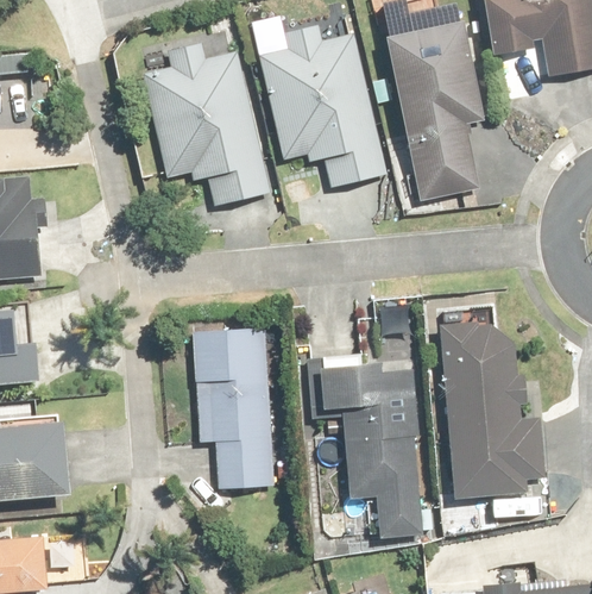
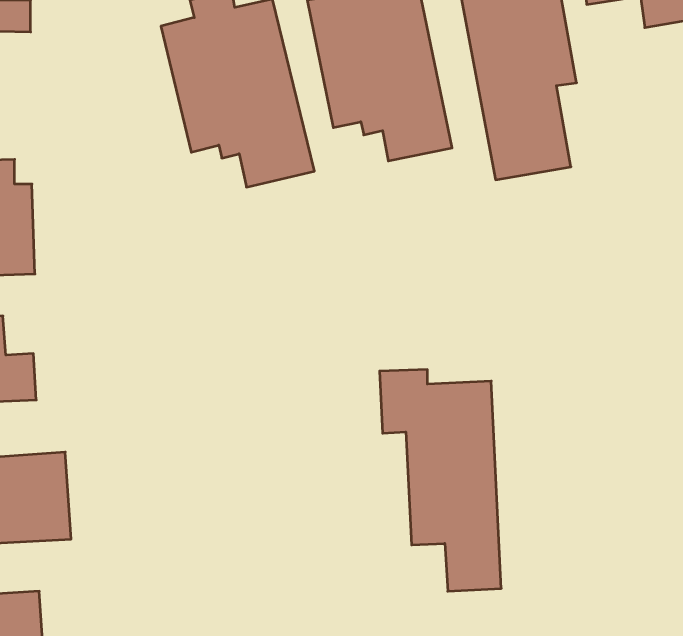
building: [439,321,544,498] -> none
building: [194,330,275,488] -> none

